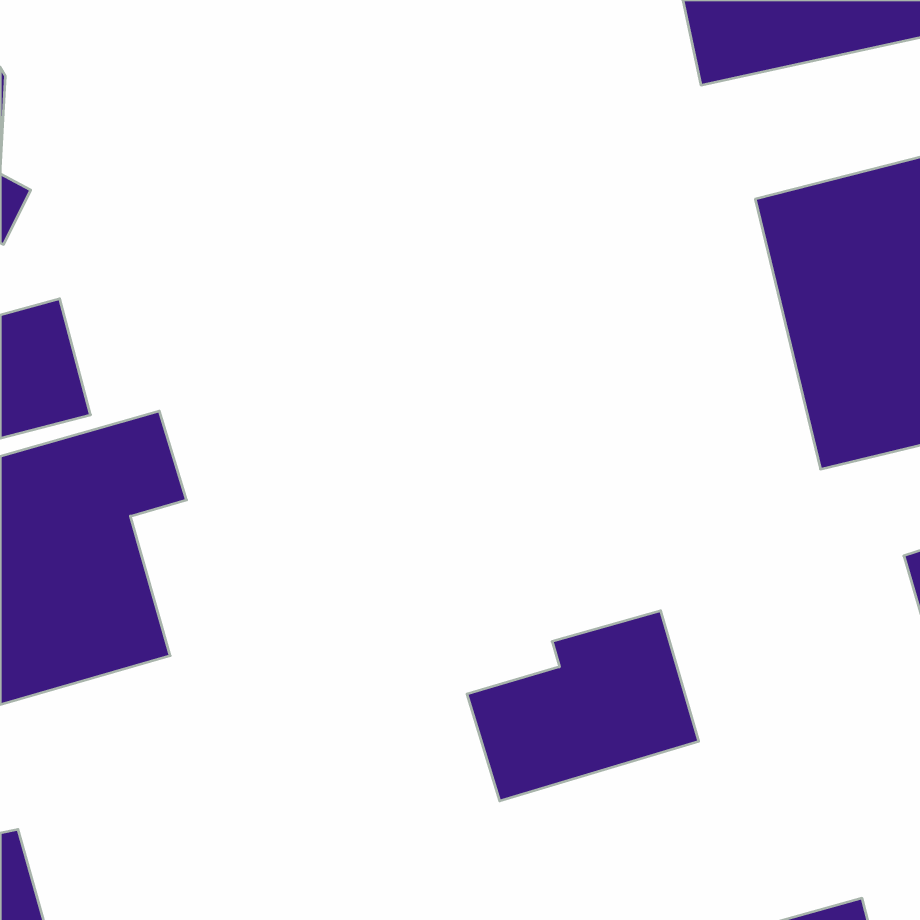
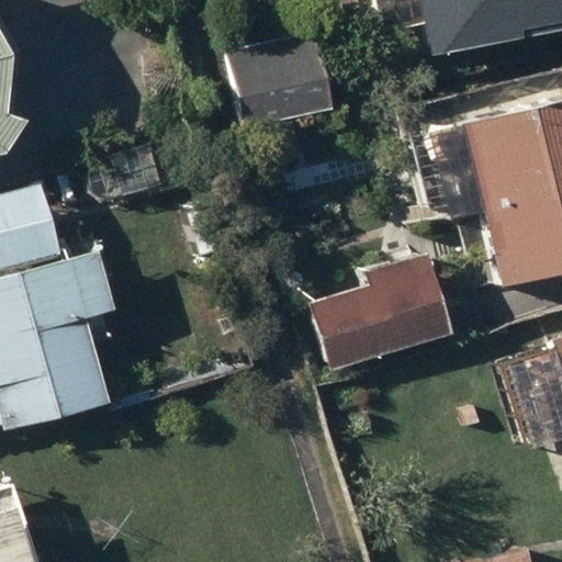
building: none -> [228,34,326,126]
building: [467,611,699,801] -> [311,254,451,369]

